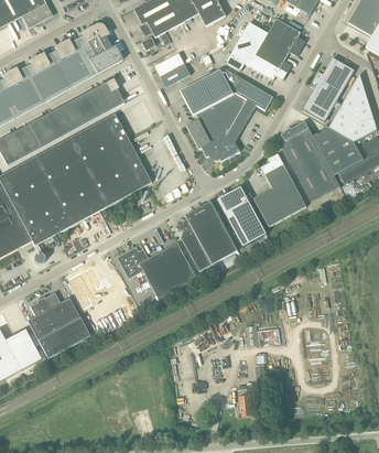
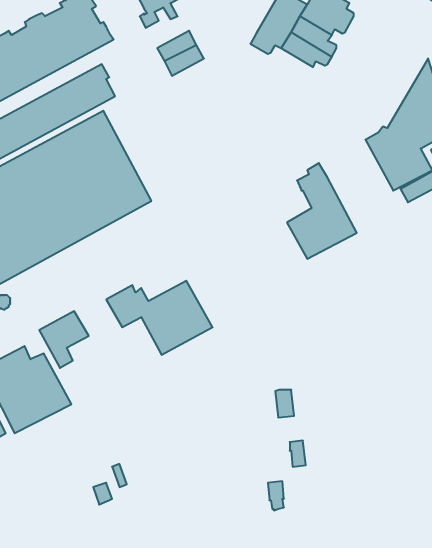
building: [303,57,355,121] -> none
building: [181,67,273,161] -> none
building: [279,122,339,201] -> none
building: [217,186,267,244] -> none
building: [176,201,238,271] -> none

